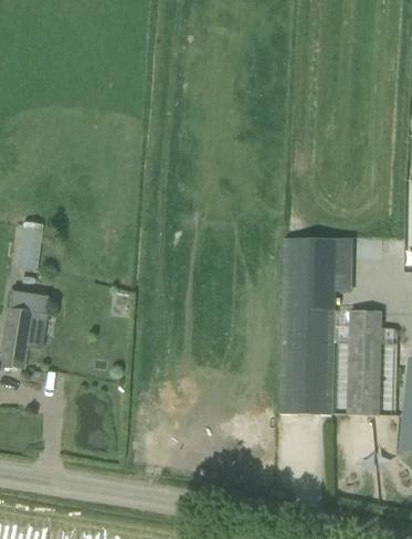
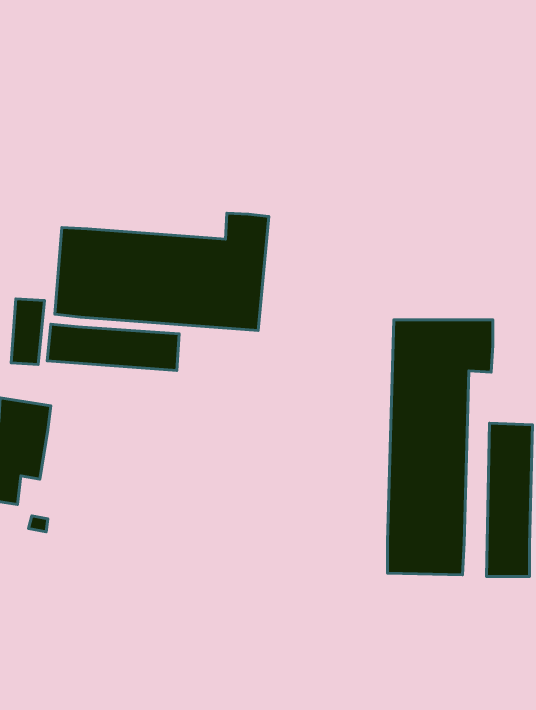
building: none -> [55,213,269,330]
building: none -> [47,324,179,370]

